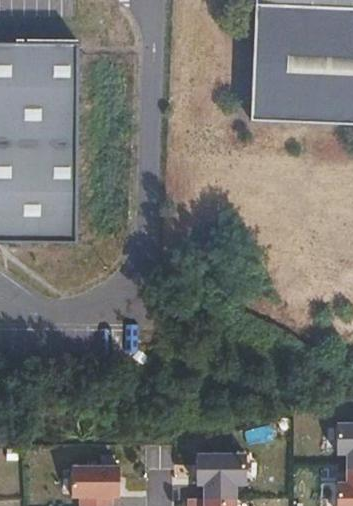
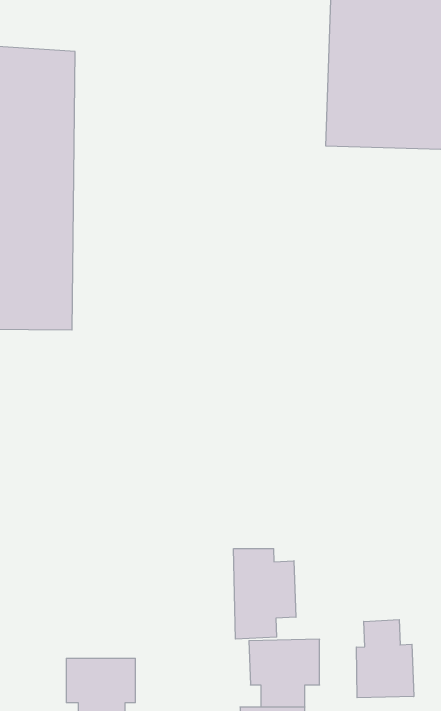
building: none -> [234,549,296,639]
building: none -> [356,620,414,698]

